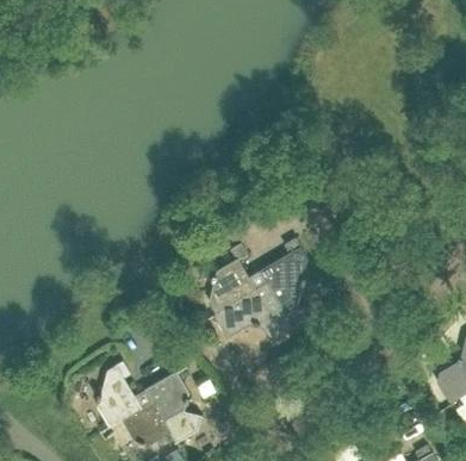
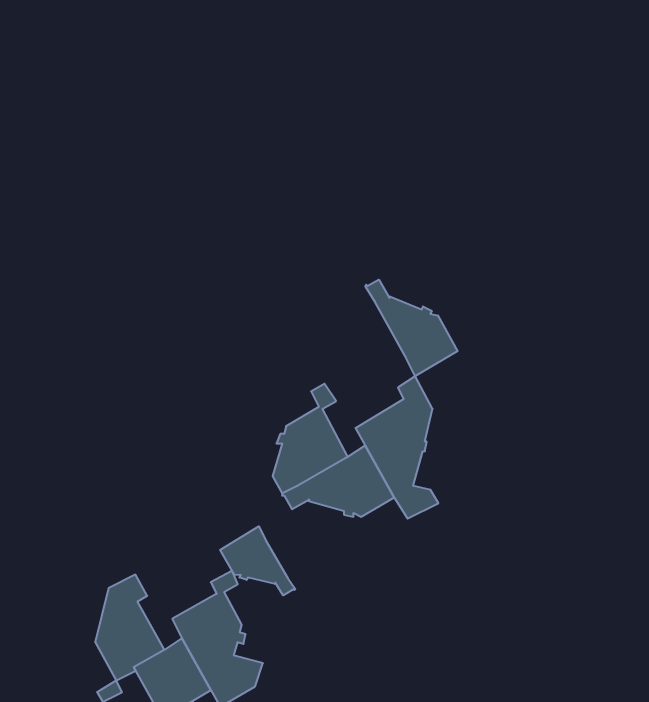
building: none -> [365,280,458,376]
building: none -> [220,526,295,595]

